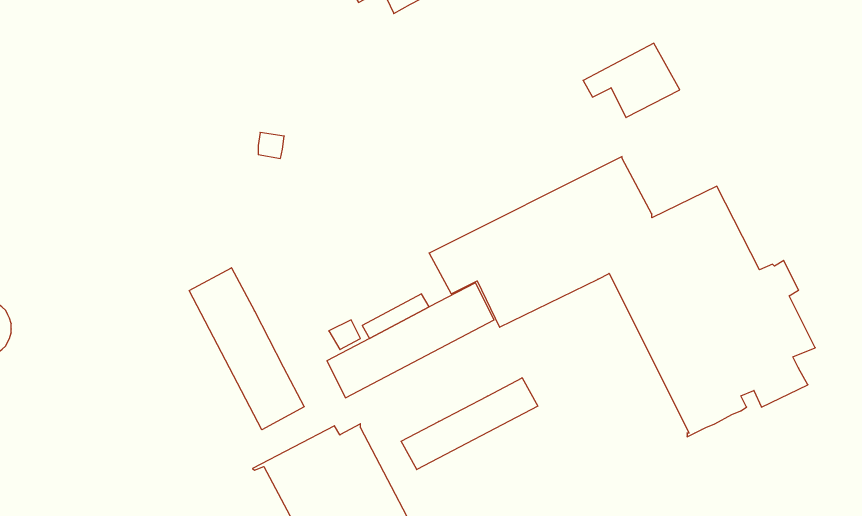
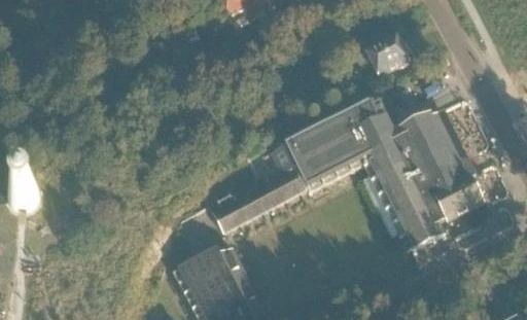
building: [189,268,304,430] -> none
building: [401,378,538,470] -> none

